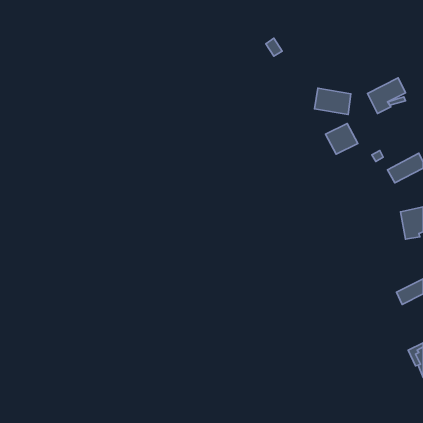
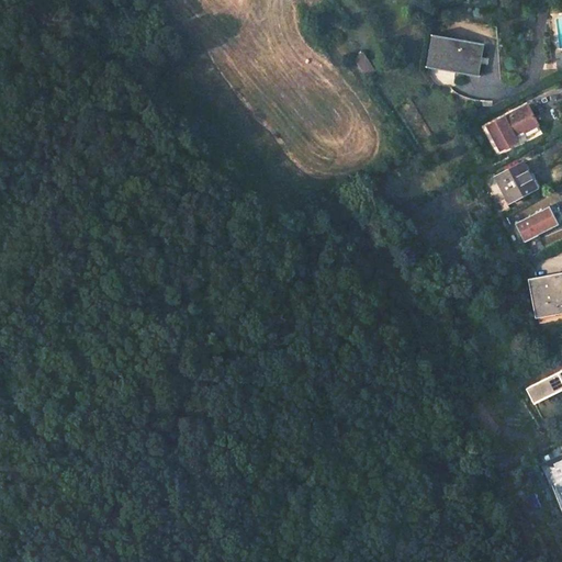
building: [314,88,351,115] -> [431,38,480,74]
building: [326,124,358,154] -> [495,162,538,203]

